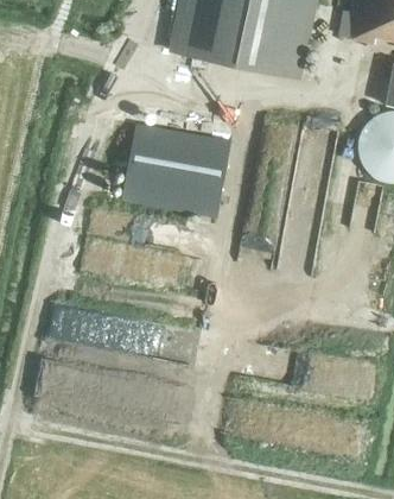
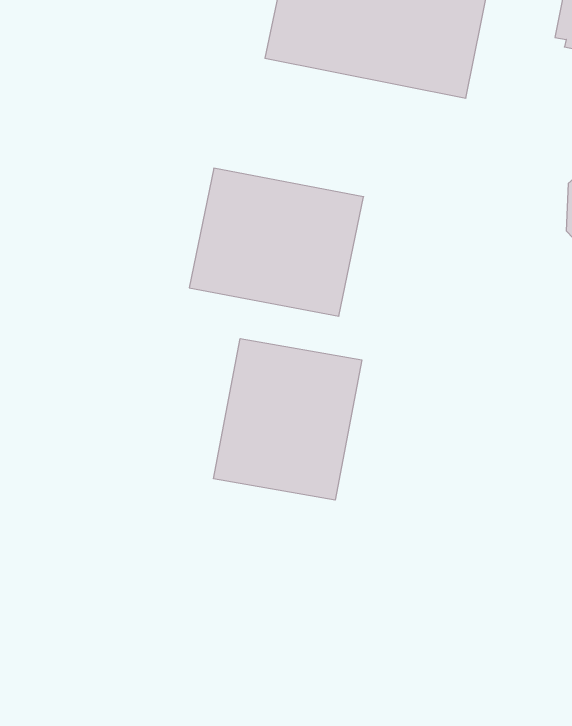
building: none -> [214,339,362,500]

